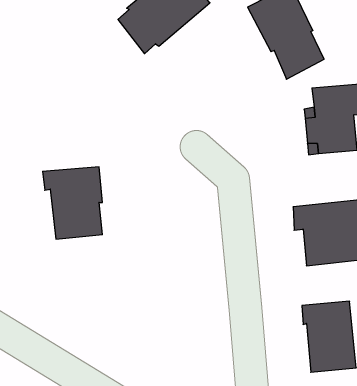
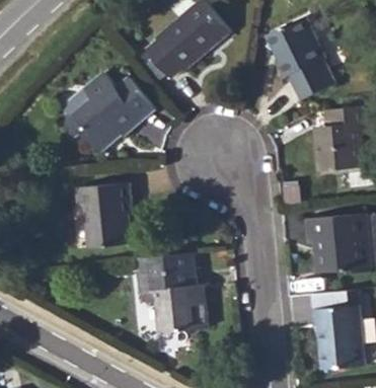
building: none -> [65,72,154,151]
building: none -> [133,251,206,331]

